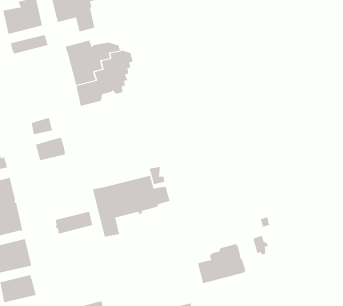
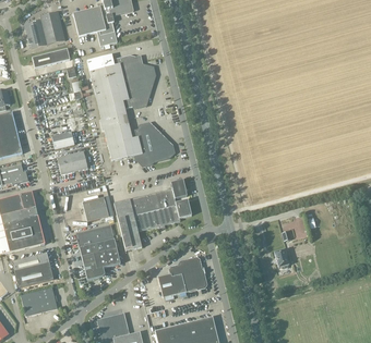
building: none -> [99,114,173,166]
building: none -> [83,196,109,221]
building: none -> [80,238,120,280]
building: [197,244,246,284] -> [157,257,206,297]

